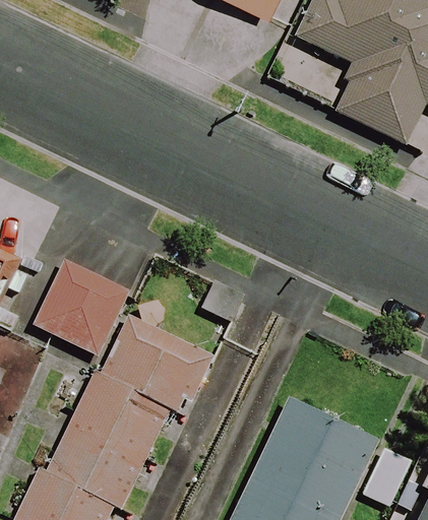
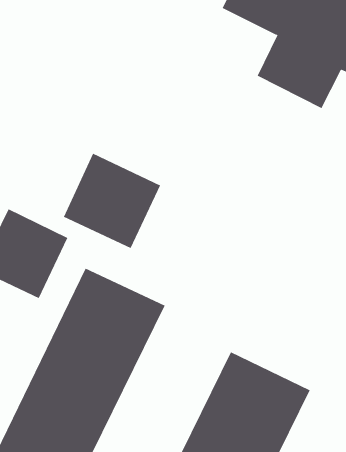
building: none -> [63,153,161,249]

